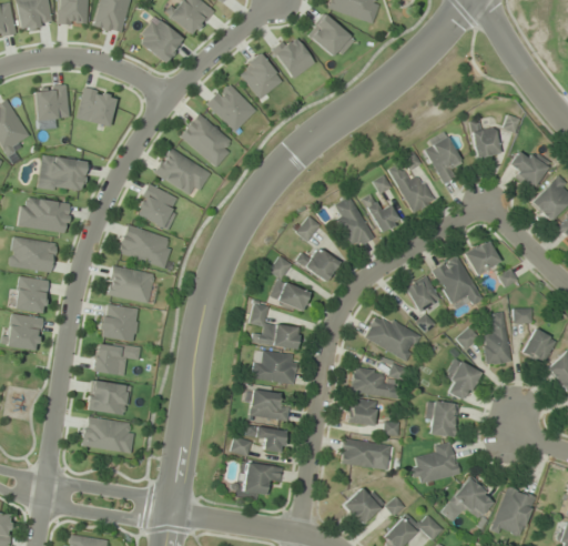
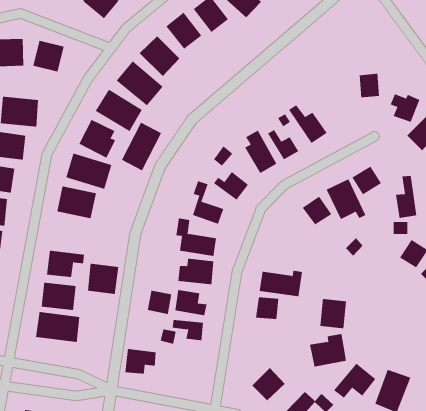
building: [424,133,460,184] -> none
building: none -> [121,122,162,171]
building: [101,304,140,342] -> [87,263,119,294]
building: [364,313,422,362] -> none
building: [484,313,510,365] -> [395,175,417,218]
building: [446,358,481,402] -> none
building: none -> [147,290,172,315]
building: [341,438,390,469] -> none
building: [243,463,282,494] -> [124,349,156,374]

